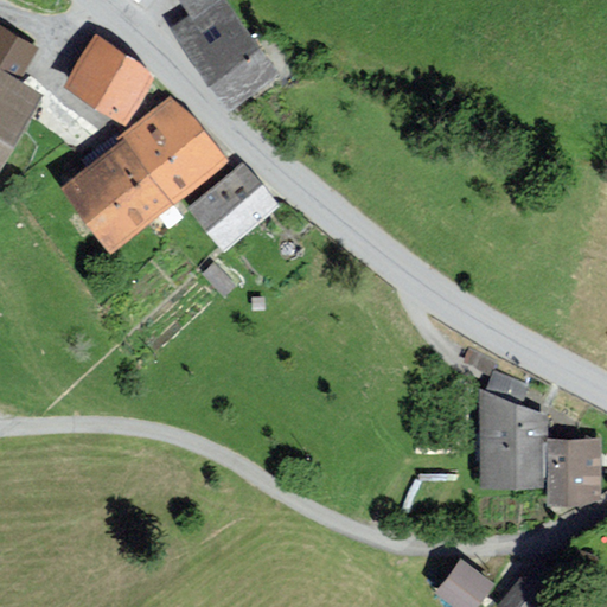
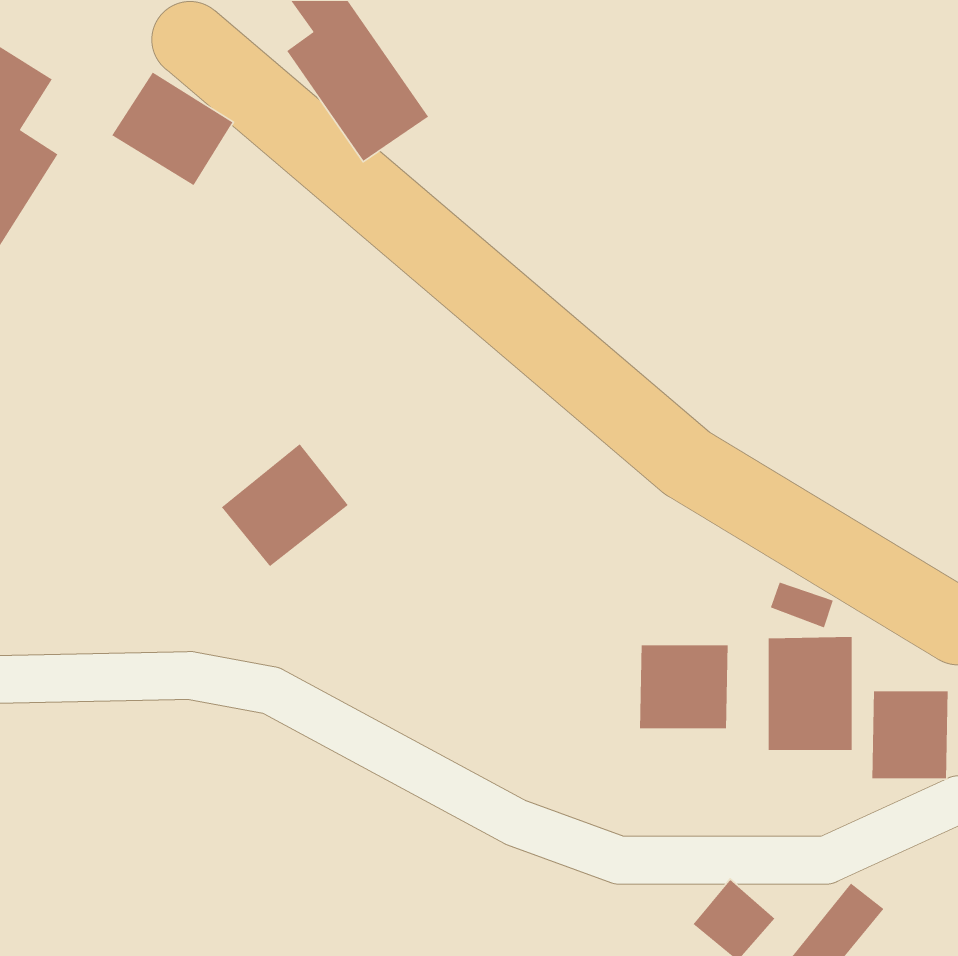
building: [65,109,215,247] -> none
building: [192,171,273,249] -> [221,443,349,567]
building: none -> [639,645,728,729]

